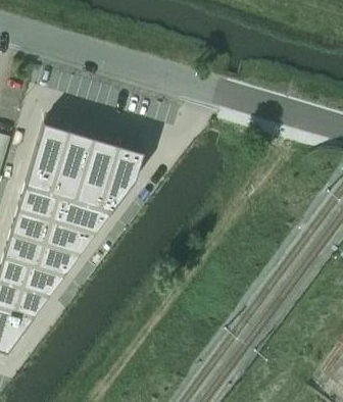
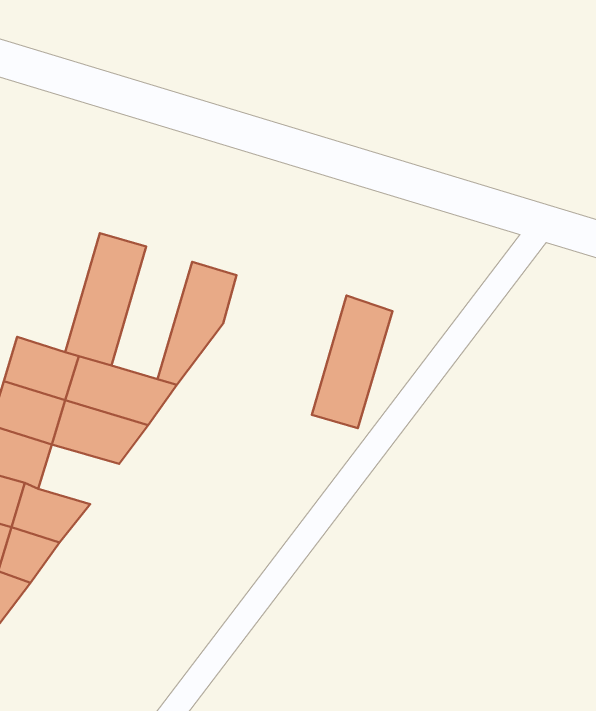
building: [24,127,68,197] -> none
building: [75,141,117,211] -> [312,296,393,428]
building: [36,246,79,278] -> none

